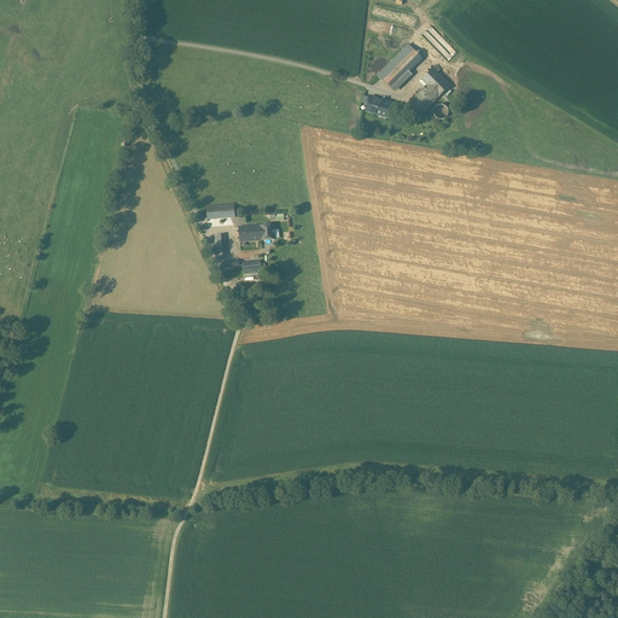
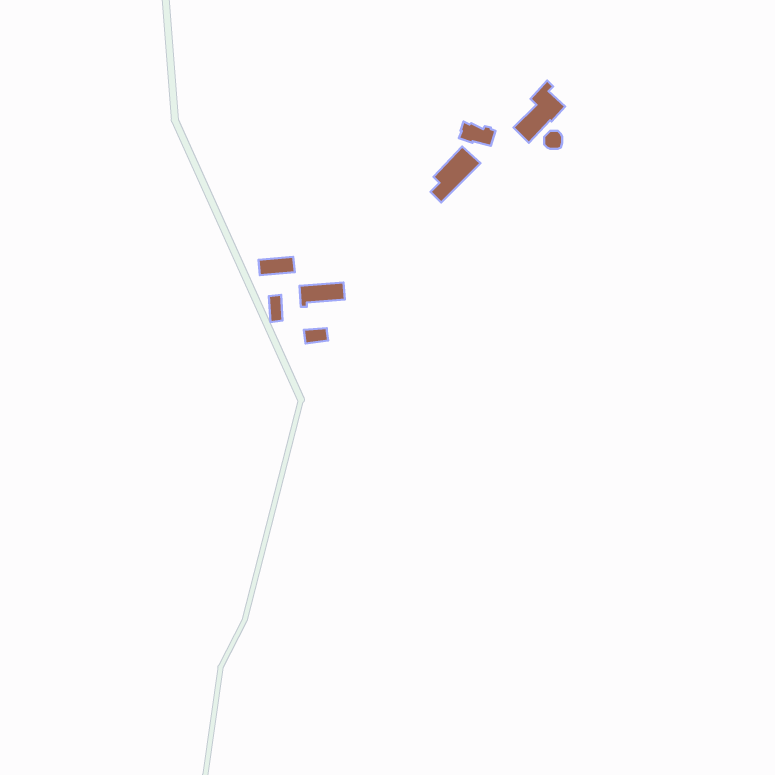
building: [381,43,421,88] -> [430,146,481,203]

